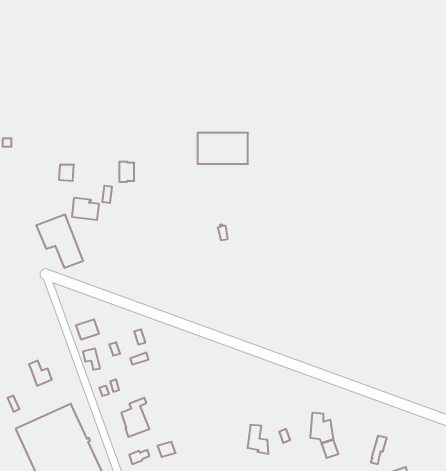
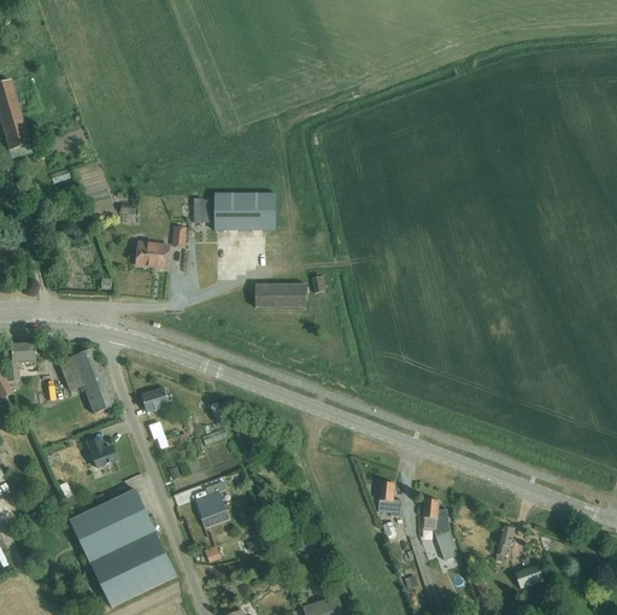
building: [198,133,248,164] -> [216,193,276,230]
building: [36,215,83,268] -> [59,348,116,412]
building: none -> [255,285,307,306]
building: [247,425,268,454] -> [378,482,404,517]

